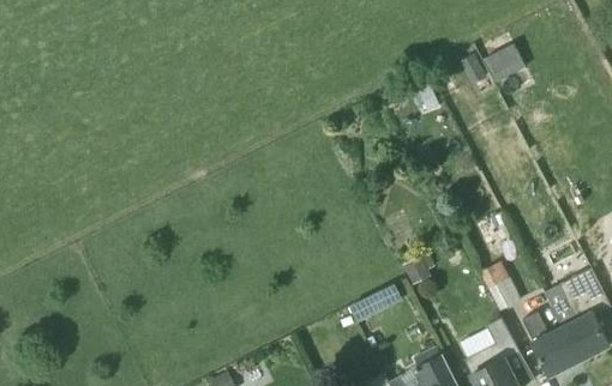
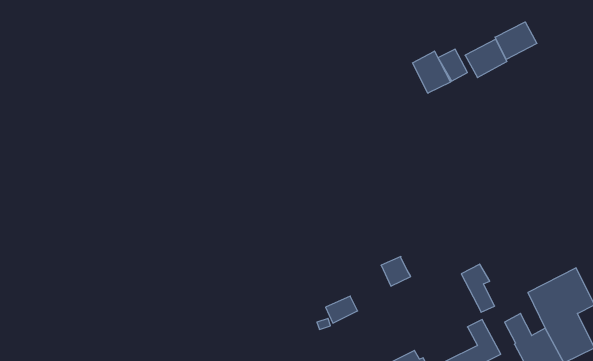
building: none -> [495,22,537,60]
building: none -> [413,51,451,93]

